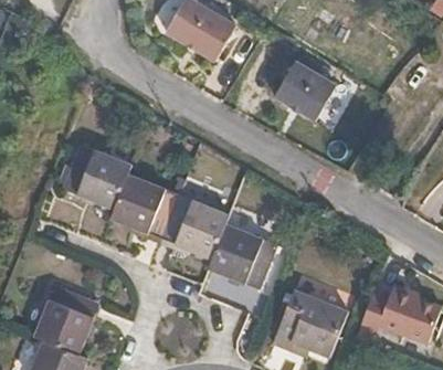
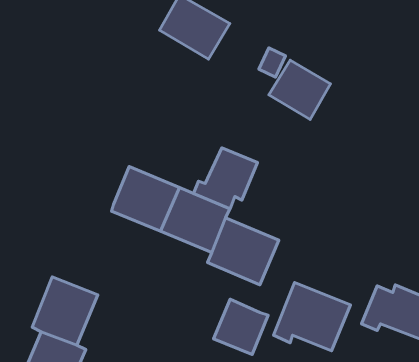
building: [70,141,137,207] -> none
building: none -> [194,148,257,209]
building: none -> [213,299,268,354]

